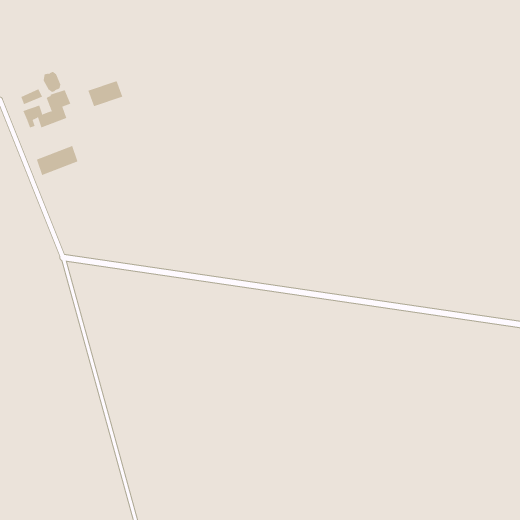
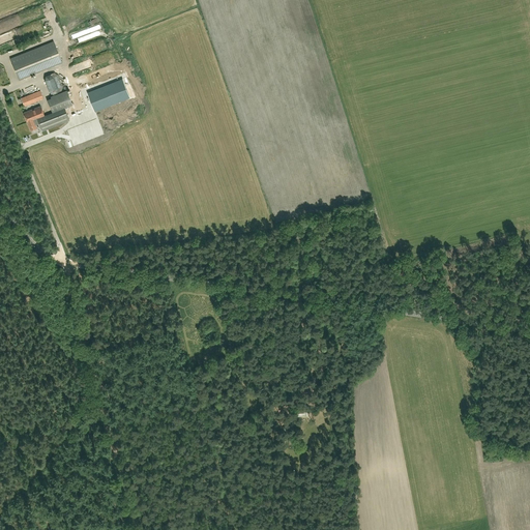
building: none -> [10,41,61,79]
building: [36,145,78,176] -> none

